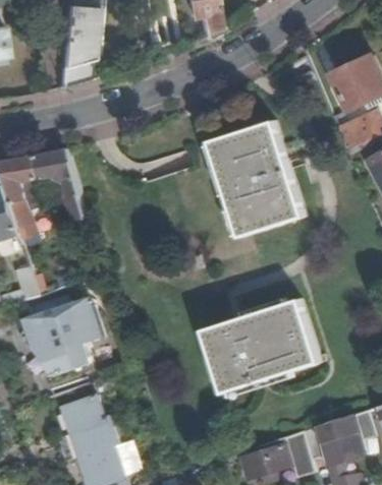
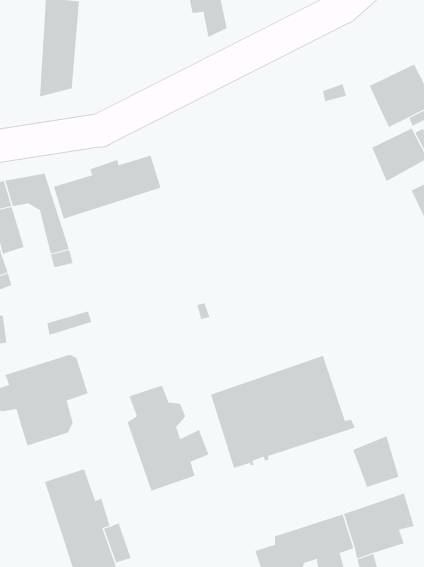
building: [209,120,303,235] -> none
building: none -> [53,155,161,220]
building: none -> [127,385,209,492]
building: none -> [353,435,399,488]

